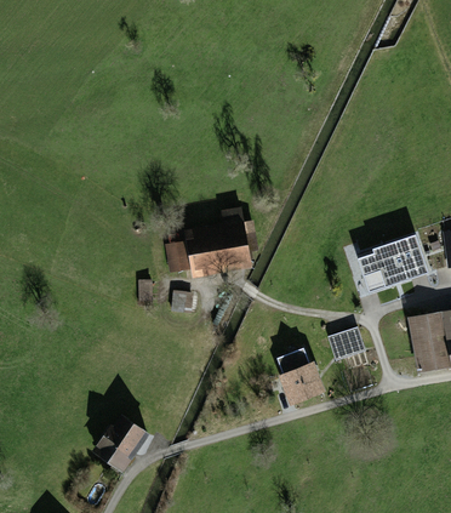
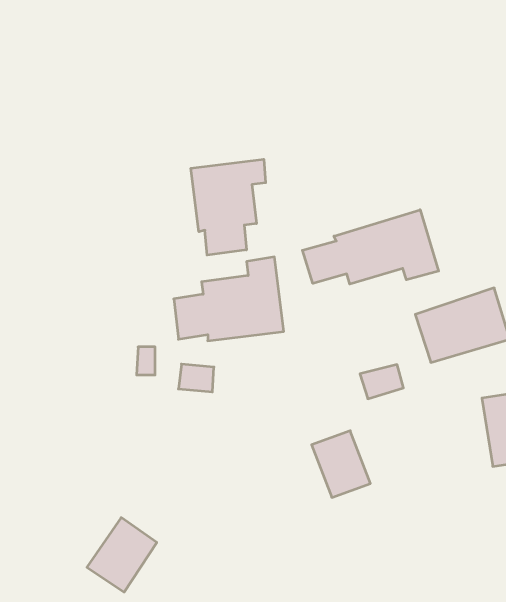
building: none -> [191,159,266,255]
building: none -> [302,210,439,284]
building: [327,326,361,353] -> [360,365,403,399]

